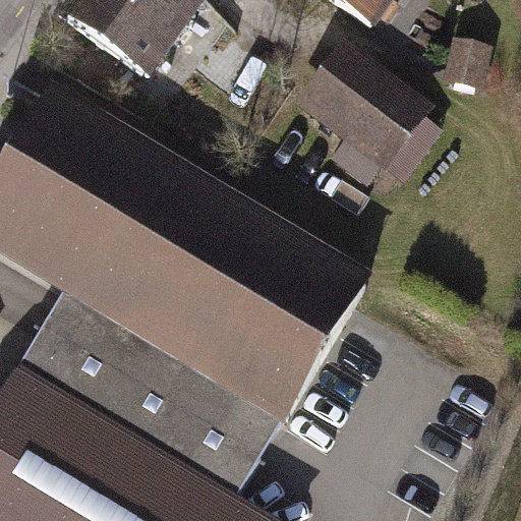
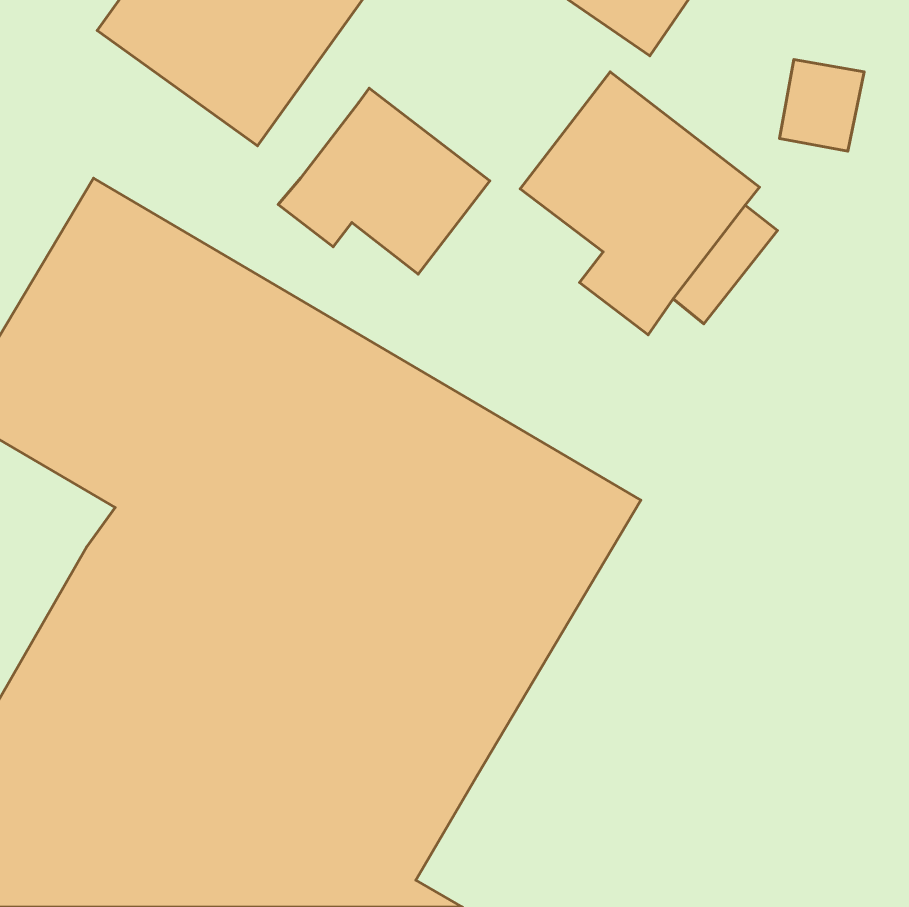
building: none -> [278,88,490,274]

